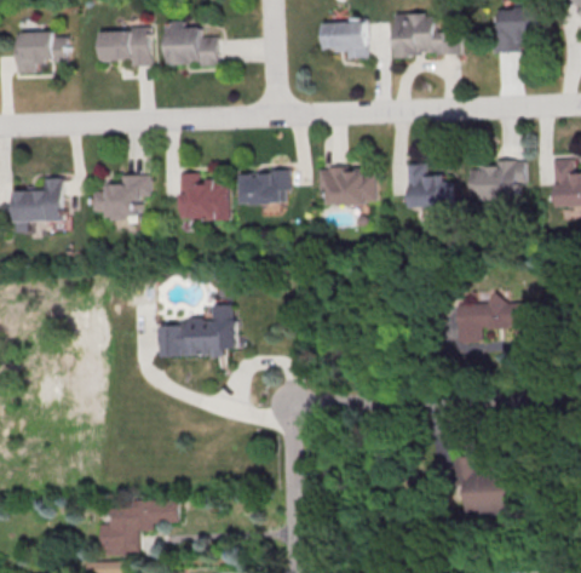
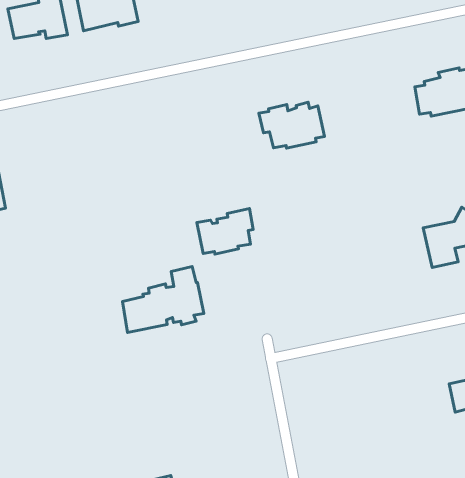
building: [404,161,454,206] -> none
building: [237,168,289,206] -> [197,208,253,254]
building: [178,172,229,220] -> none
building: [91,173,148,222] -> none

